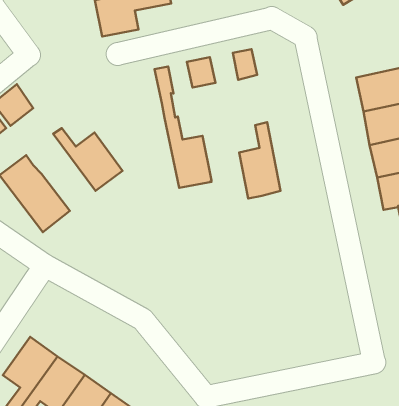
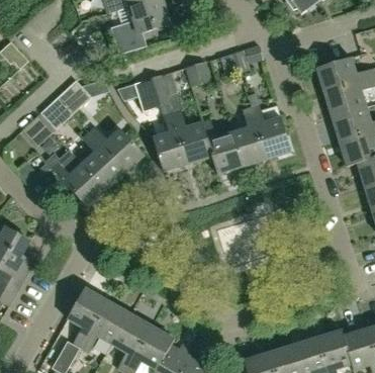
building: none -> [57,80,90,113]
building: none -> [132,75,169,109]
building: none -> [153,111,188,172]
building: none -> [251,105,290,159]
building: none -> [202,119,242,174]
building: none -> [75,131,124,189]

